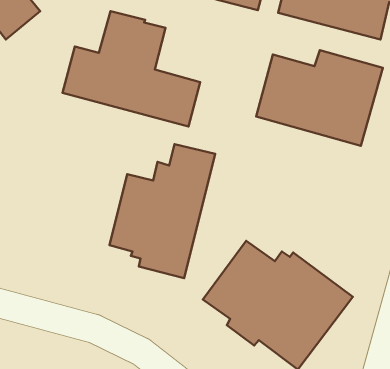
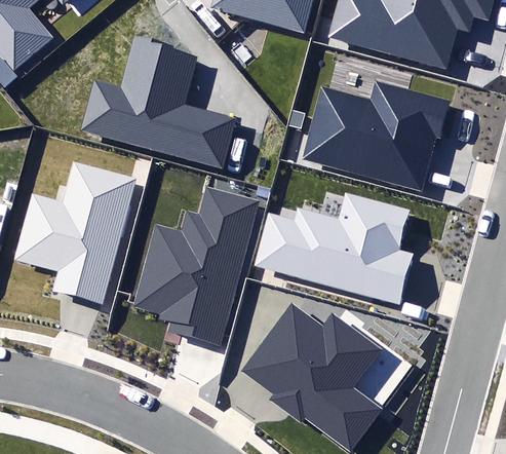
building: none -> [14,163,134,304]
building: none -> [255,192,413,303]

